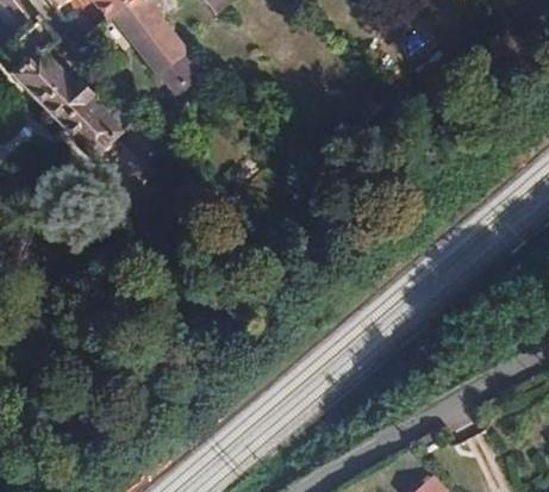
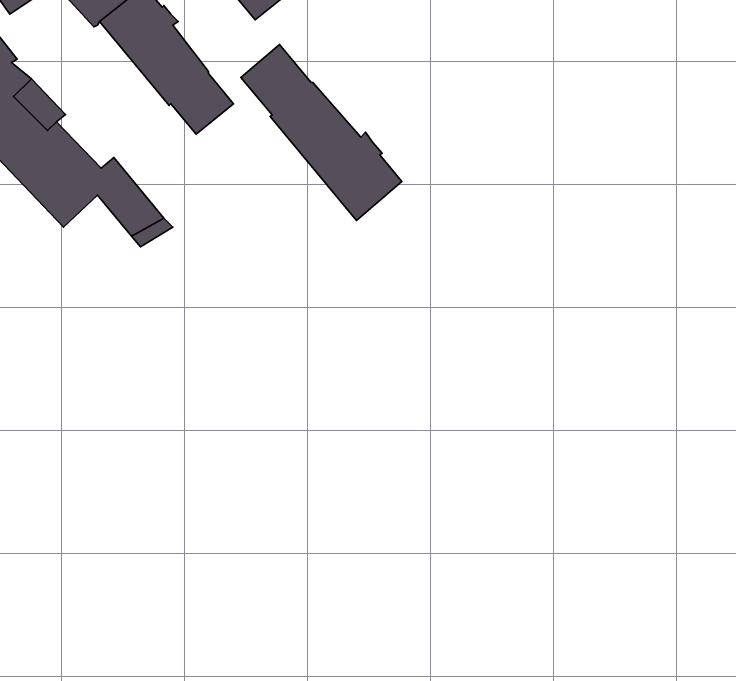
building: none -> [241,45,402,221]

